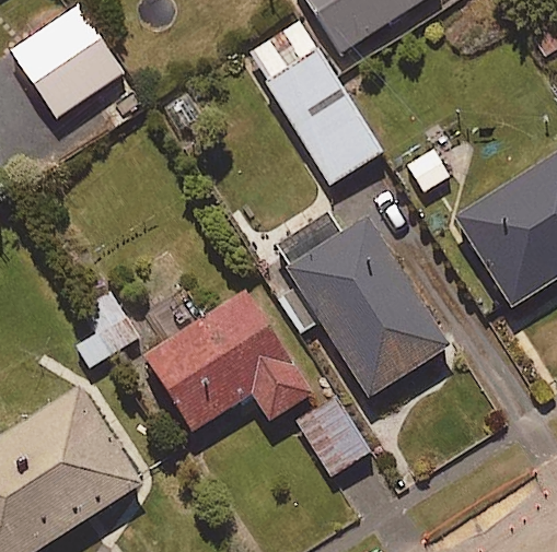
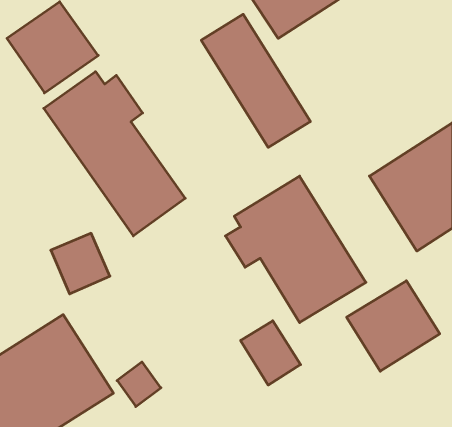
building: none -> [44,72,185,236]
building: [143,291,311,432] -> none
building: none -> [347,281,440,371]

